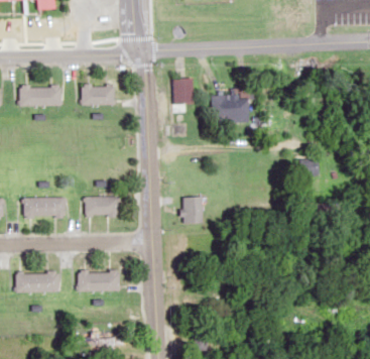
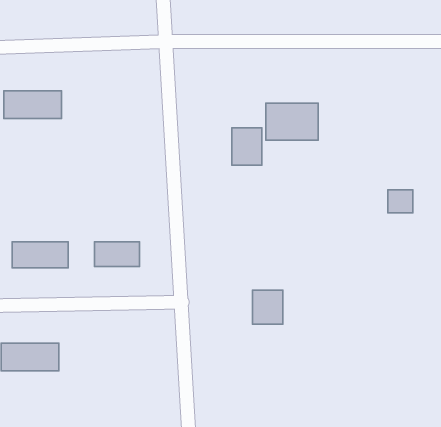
building: [171,78,194,105] -> [232,128,262,165]
building: [81,85,114,105] -> none
building: [181,197,204,222] -> [253,290,283,324]
building: [79,270,119,290] -> none

